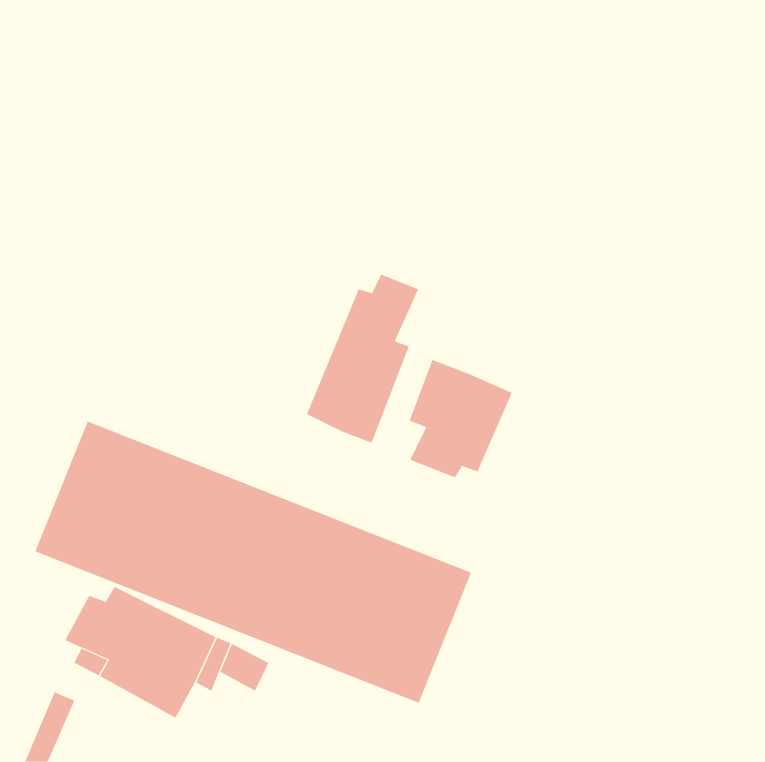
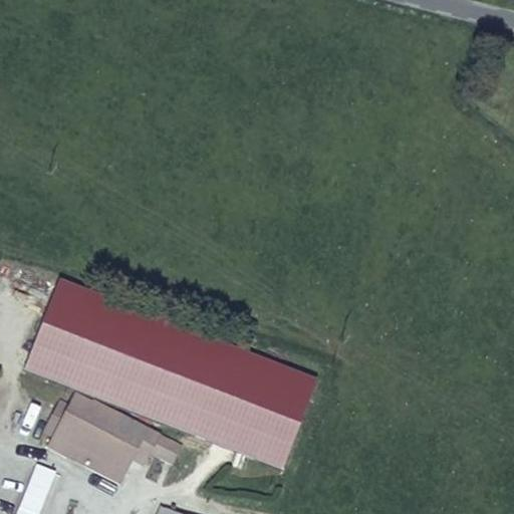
building: [306,274,419,444] -> none
building: [409,359,512,478] -> none

